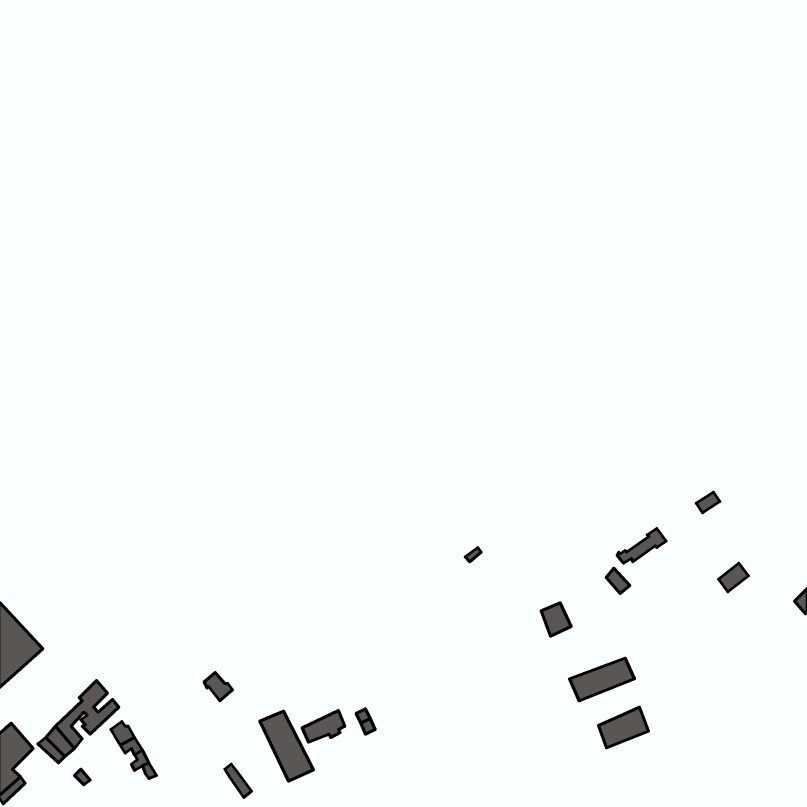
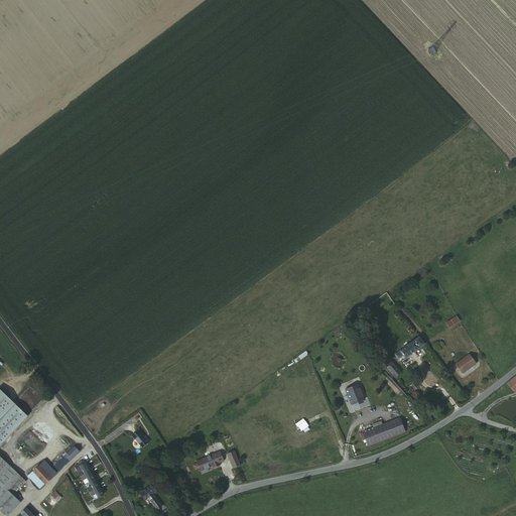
building: [598,707,648,748] -> none
building: [260,711,314,781] -> none

